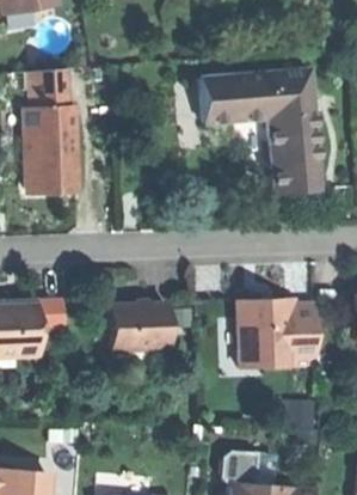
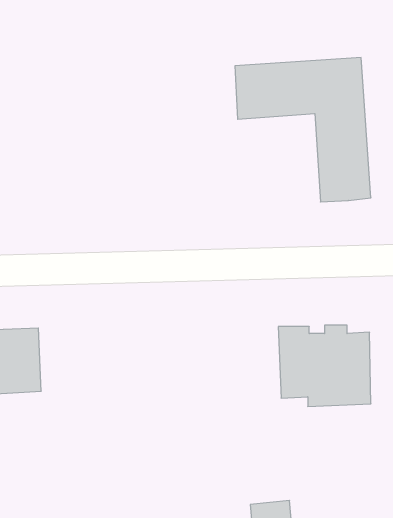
building: [25,69,80,194] -> none
building: [111,304,171,352] -> none

